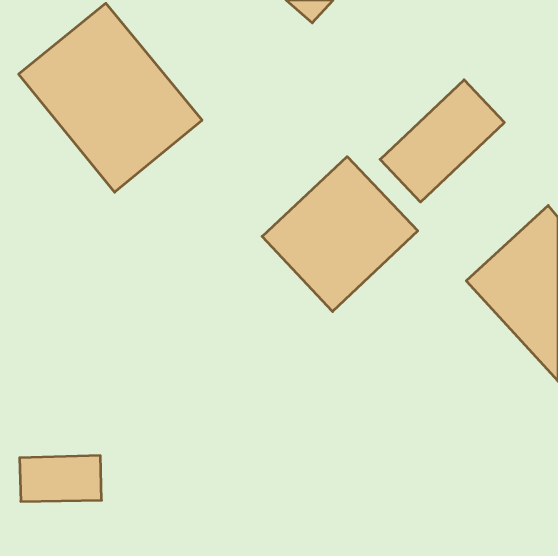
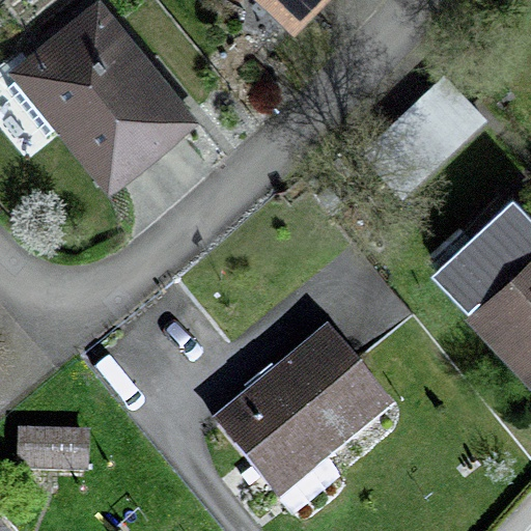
building: [262,157,418,312] -> none
building: none -> [217,332,382,492]

